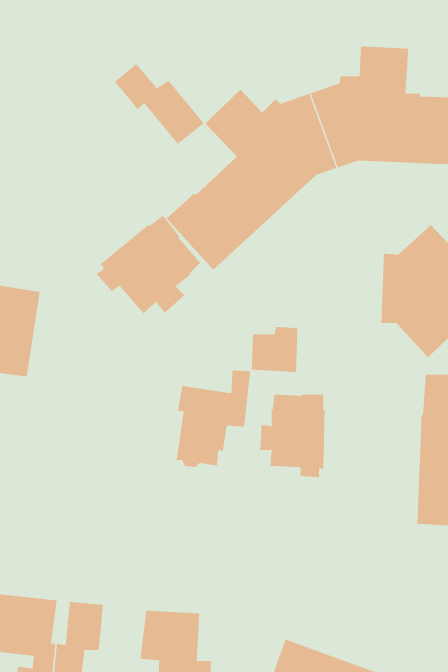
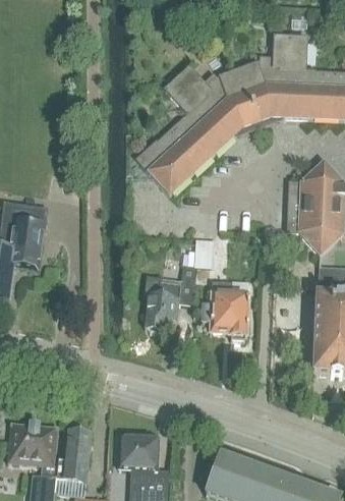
building: [114,63,205,145] -> none
building: [96,215,201,314] -> none

